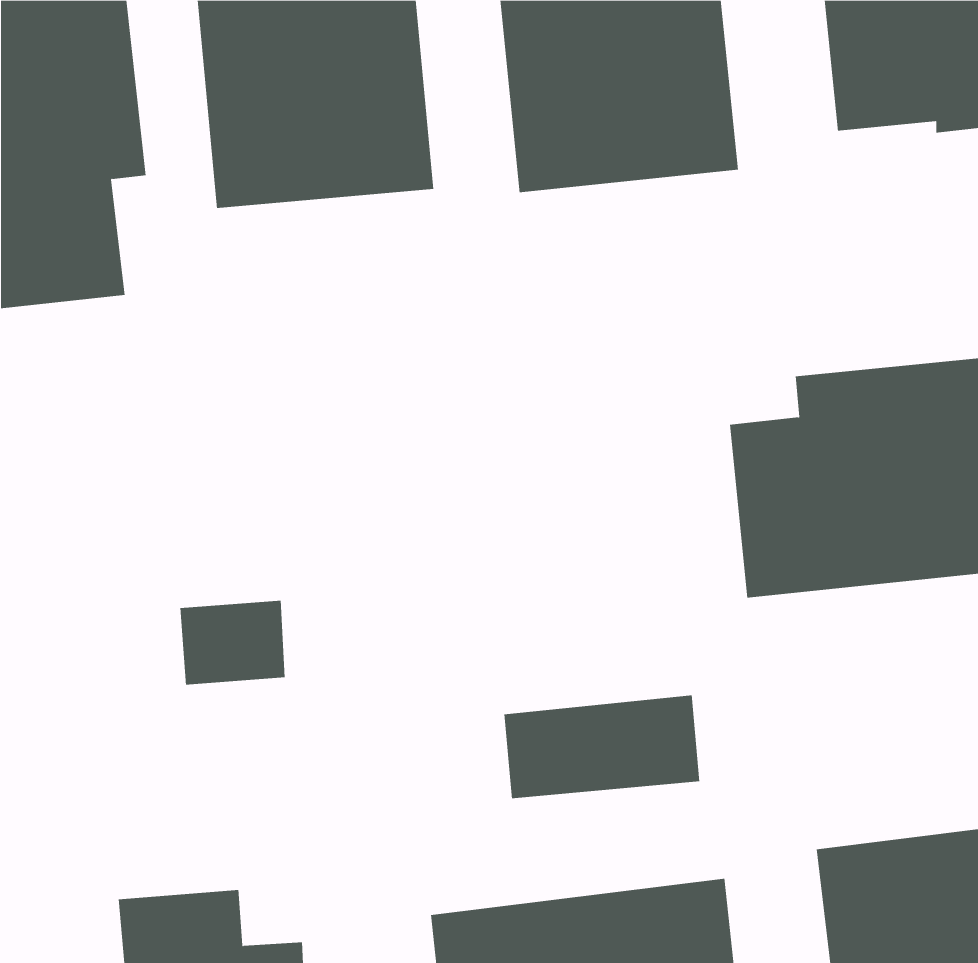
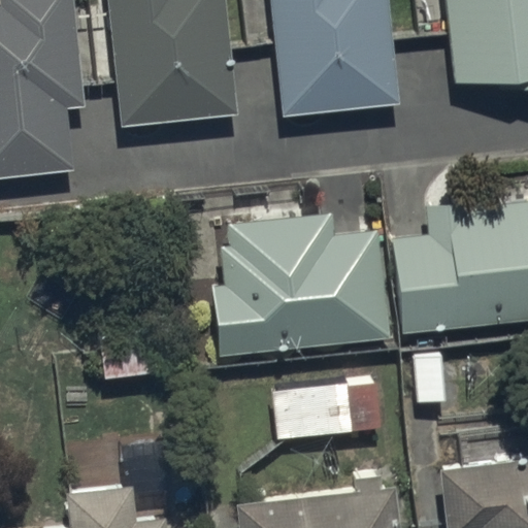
building: none -> [211,214,388,353]

